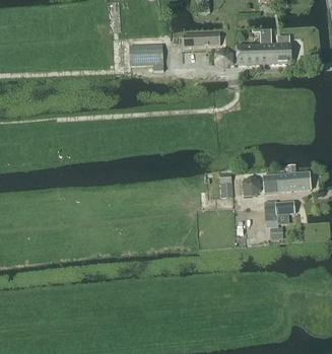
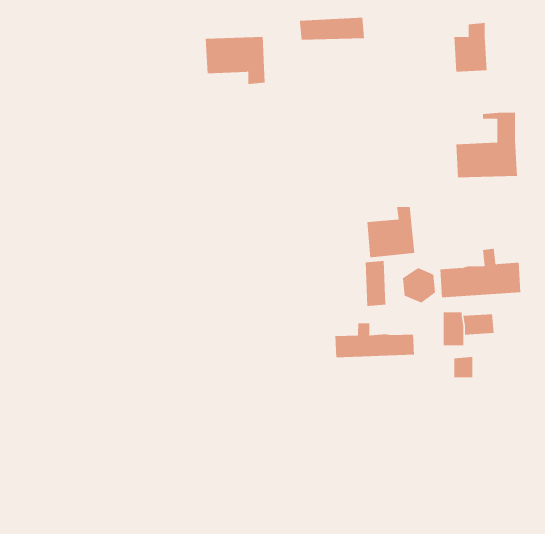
building: [237,27,272,65] -> [456,112,518,178]
building: none -> [367,206,415,258]
building: none -> [335,323,414,358]

